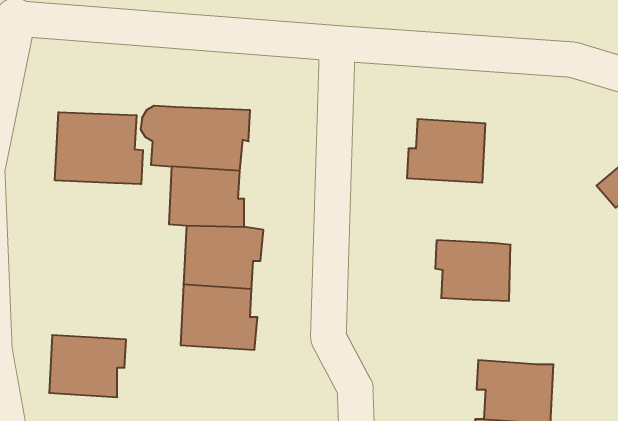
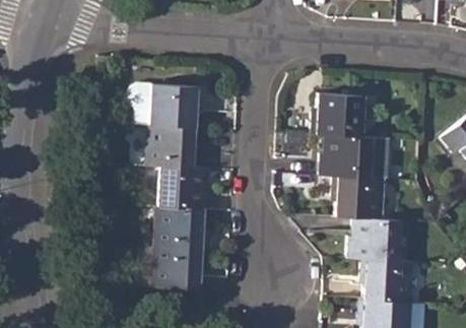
building: [55,112,143,184] -> none
building: none -> [319,133,372,177]
building: none -> [347,215,401,260]
building: [49,335,126,397] -> [152,247,205,289]

